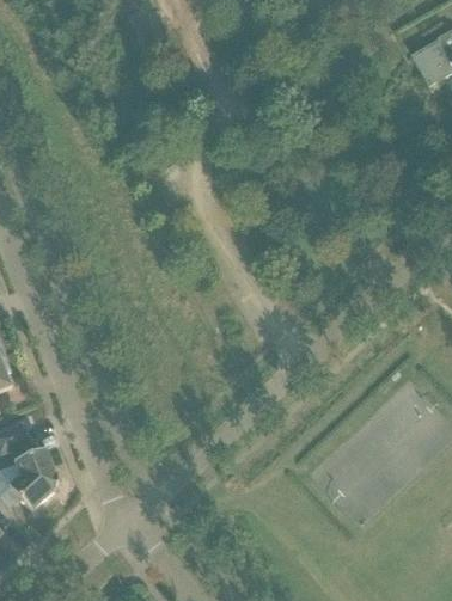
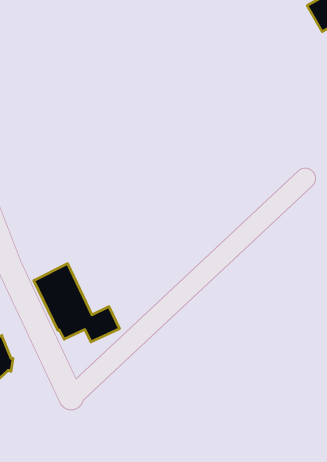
building: none -> [34,264,119,342]

